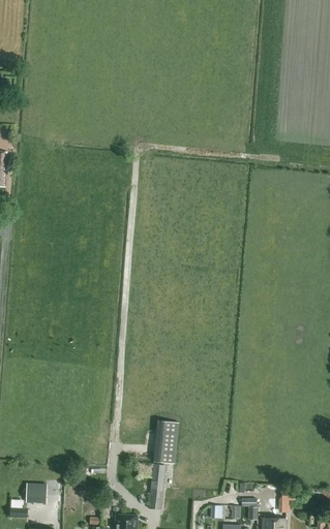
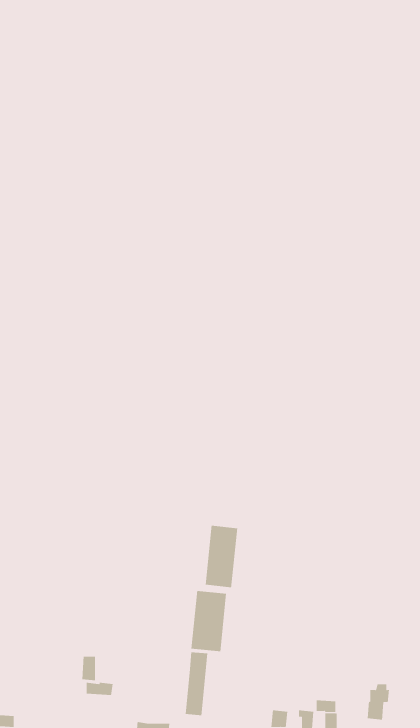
building: none -> [205,525,238,588]
building: [26,485,47,504] -> none

